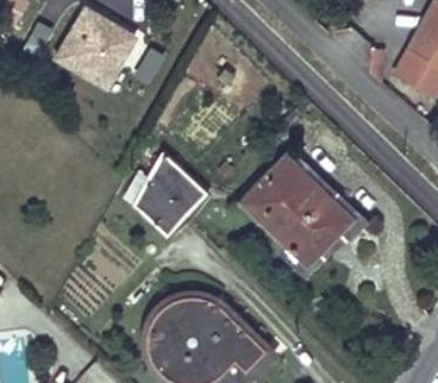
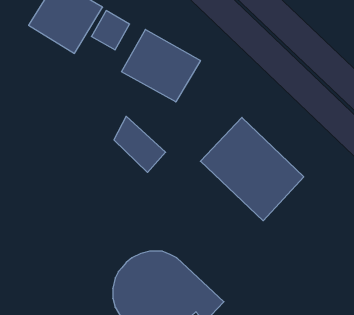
building: none -> [122,29,200,102]
building: [134,177,184,232] -> none

